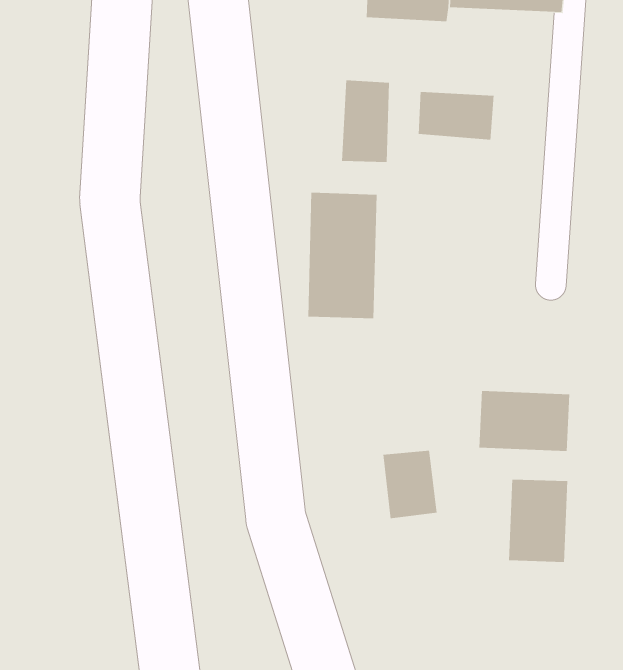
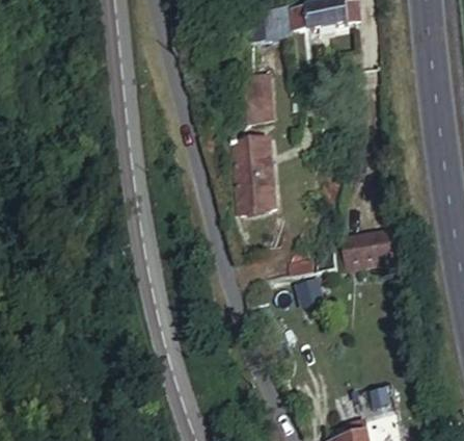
building: [418,91,494,141] -> none
building: [508,479,568,563] -> none

